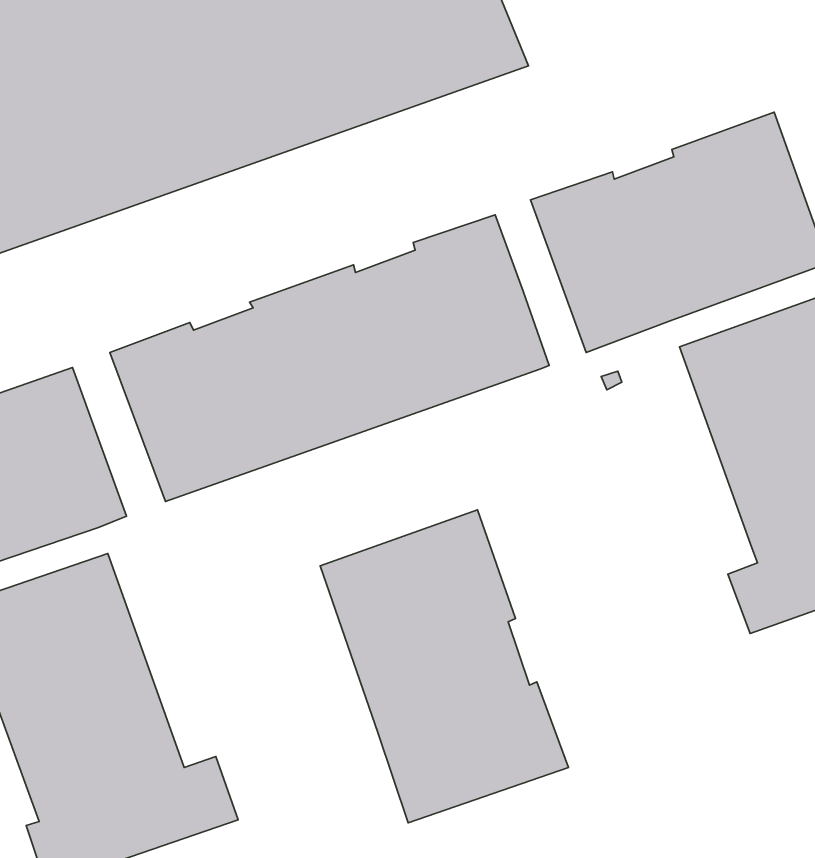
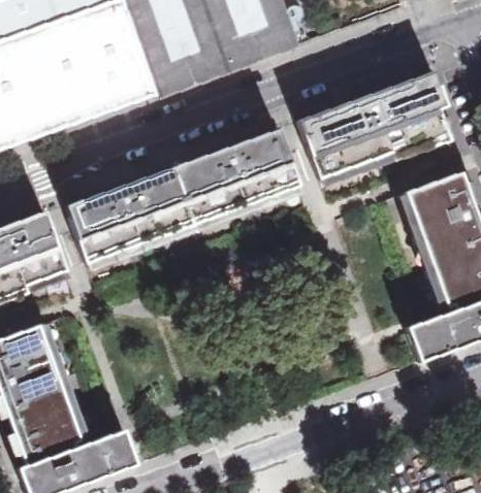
building: [320,510,569,823] -> none

